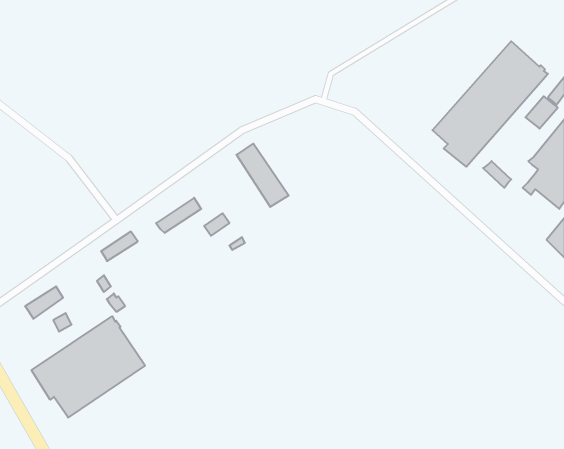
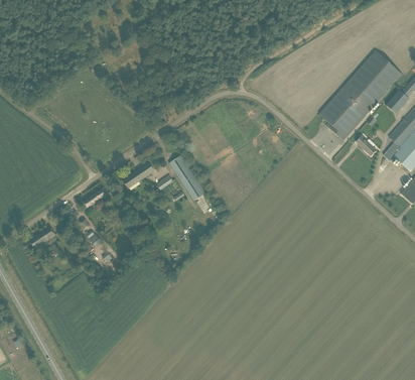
building: [236,144,289,207] -> [169,153,206,199]
building: [32,316,145,418] -> none

